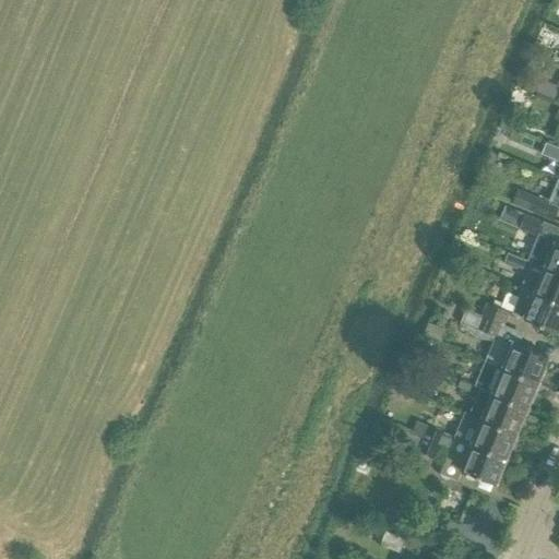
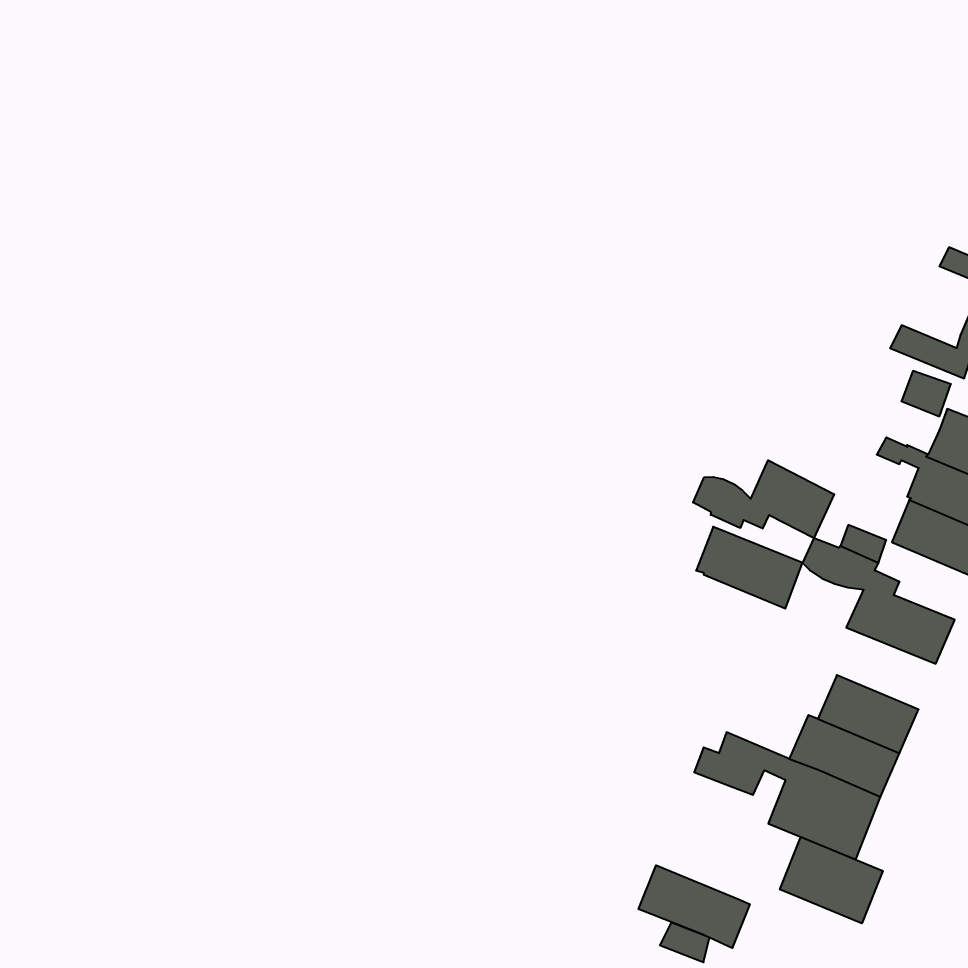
building: none -> [693,460,834,538]
building: [478,360,539,407] -> [696,527,803,609]
building: none -> [780,837,883,923]
building: none -> [639,865,750,948]

